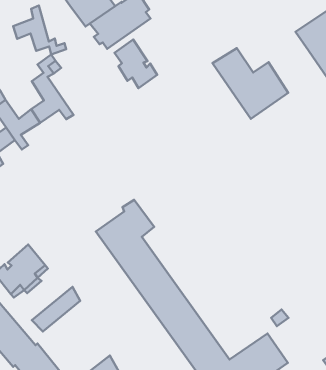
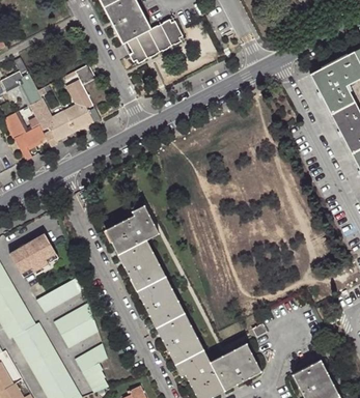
building: [13,6,66,54] -> none
building: [114,39,157,88] -> none
building: [213,48,288,119] -> none
building: none -> [53,303,98,346]

